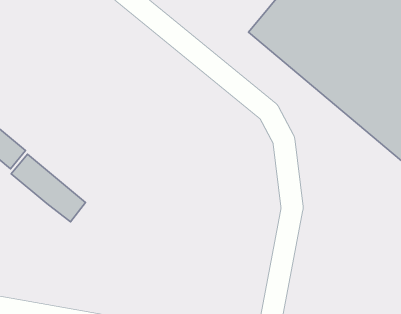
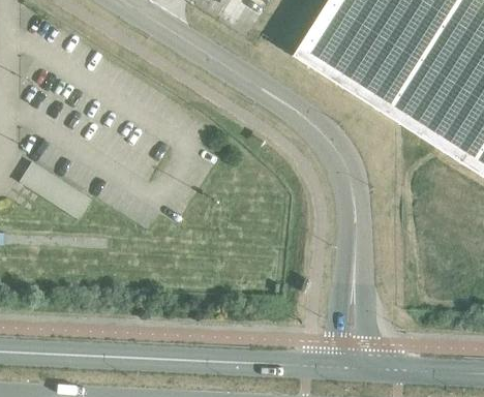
building: [11,154,86,222] -> none

